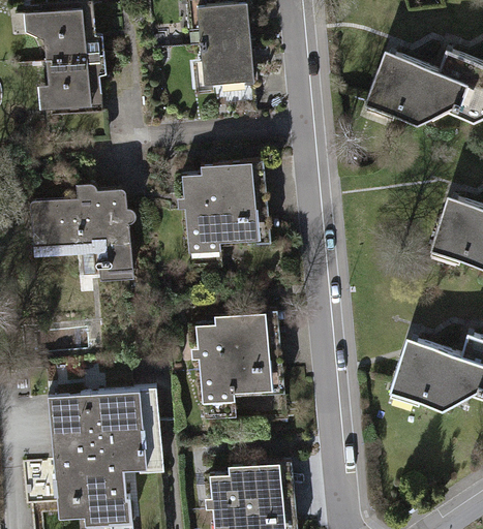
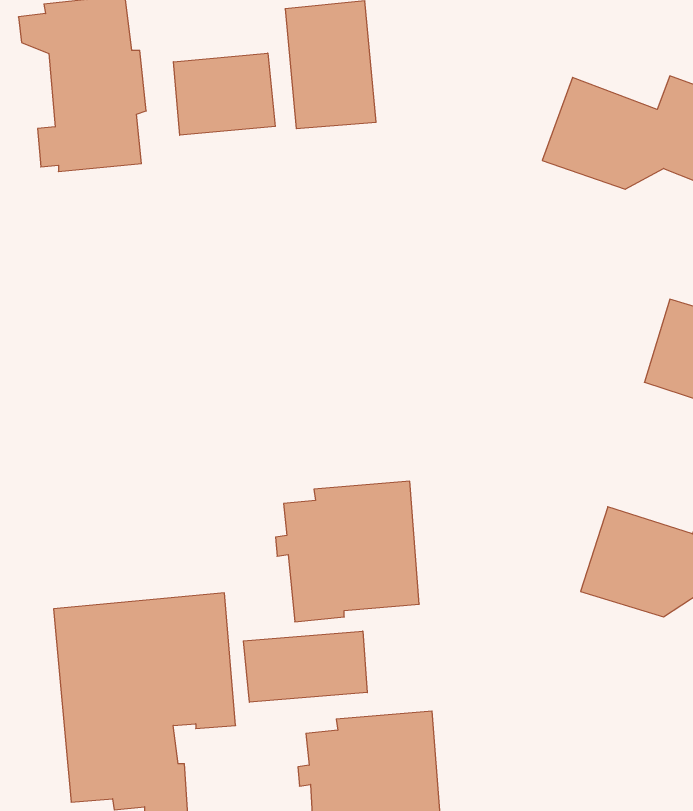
building: none -> [173,53,275,135]
building: [176,161,269,252] -> none
building: [28,183,135,281] -> none
building: none -> [243,631,367,702]

